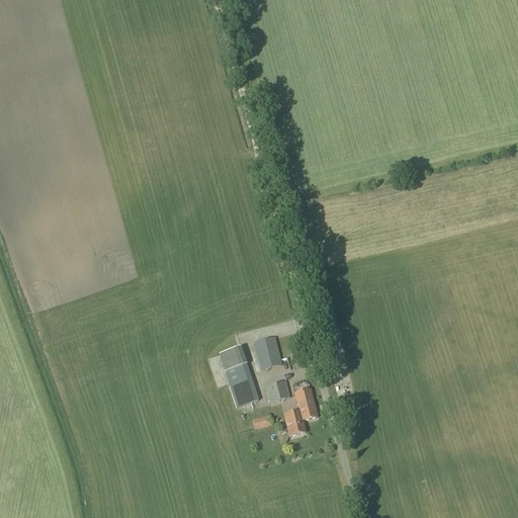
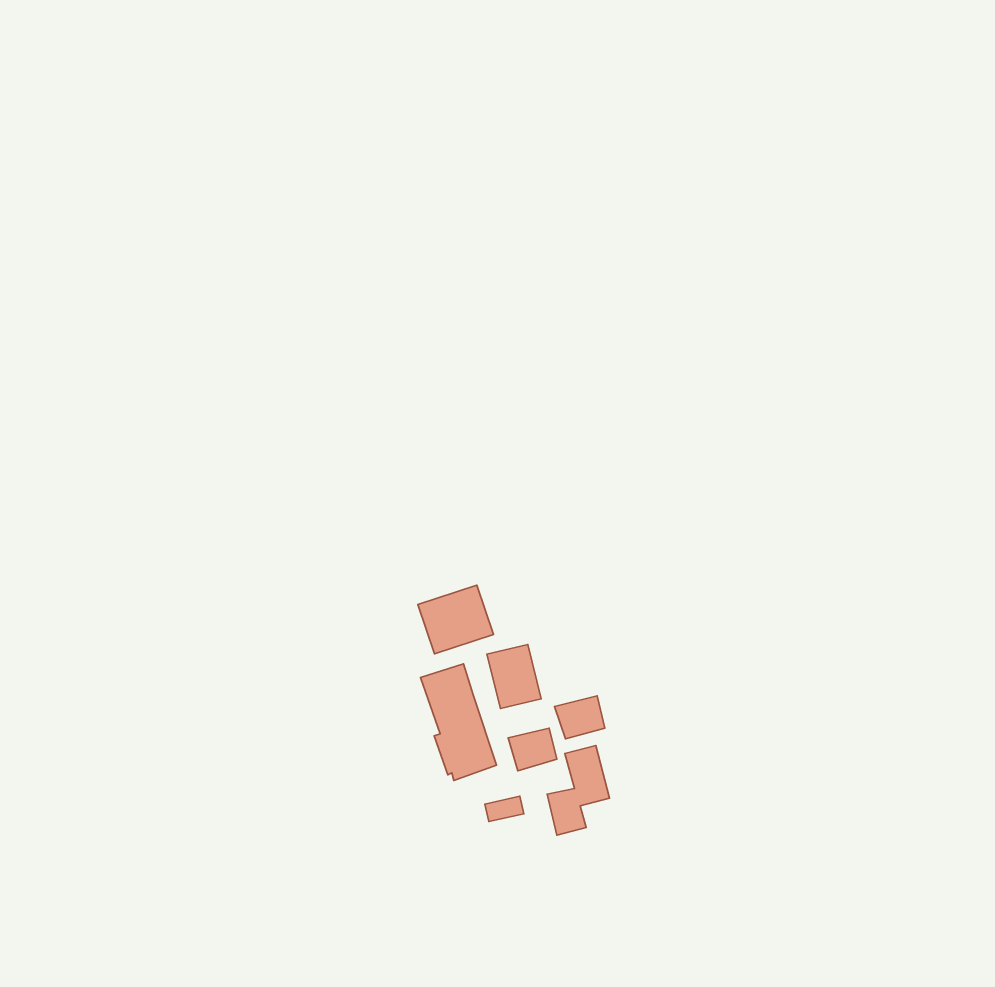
building: none -> [418,585,494,654]
building: none -> [555,696,605,739]

